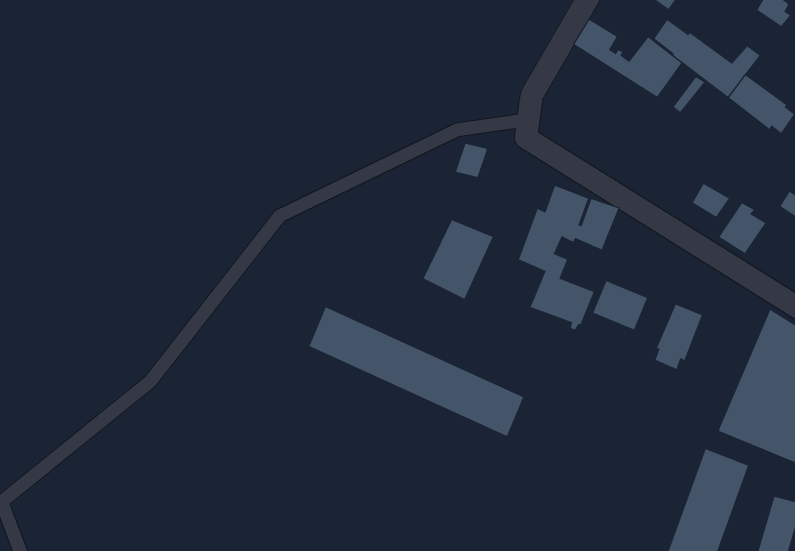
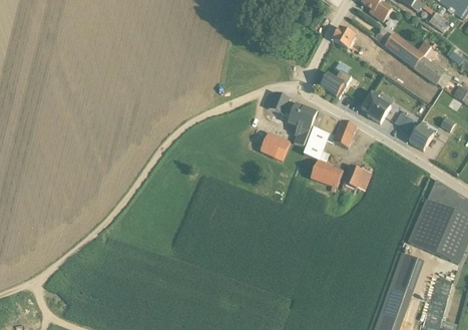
building: none -> [319,70,350,97]
building: none -> [361,90,394,122]
building: none -> [287,102,317,145]
building: [655,304,703,370] -> none
building: [309,307,524,437] -> none

